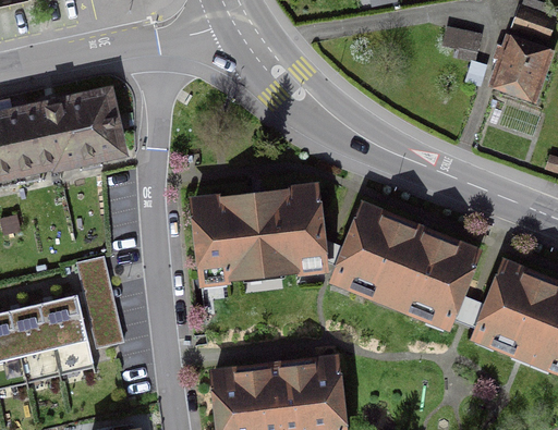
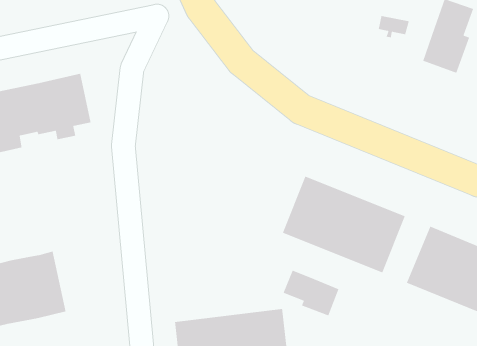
building: [193,189,324,278] -> none
building: [75,253,123,346] -> none
building: none -> [283,270,340,316]

